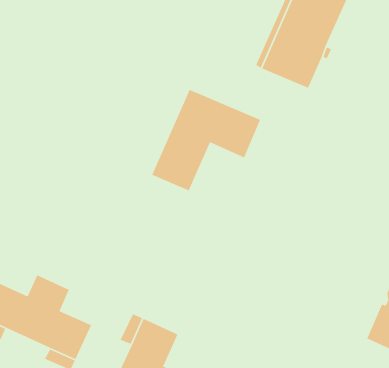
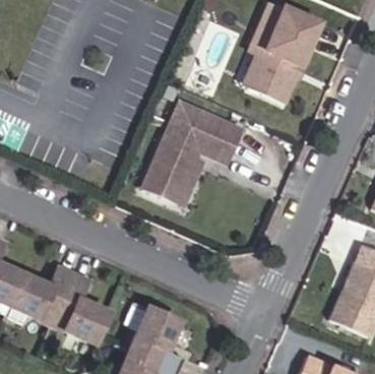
building: none -> [145,149,208,206]

